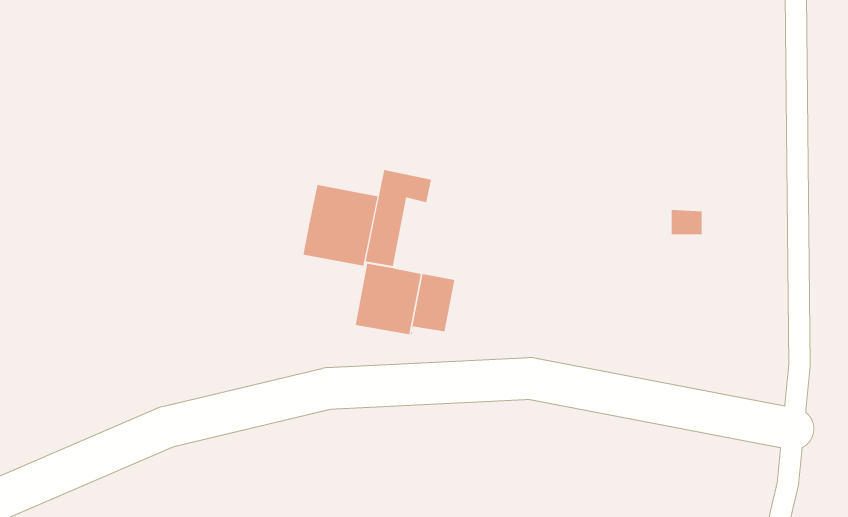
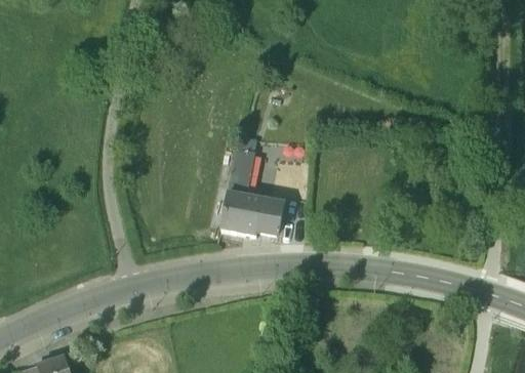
building: [303,184,378,269] -> none

